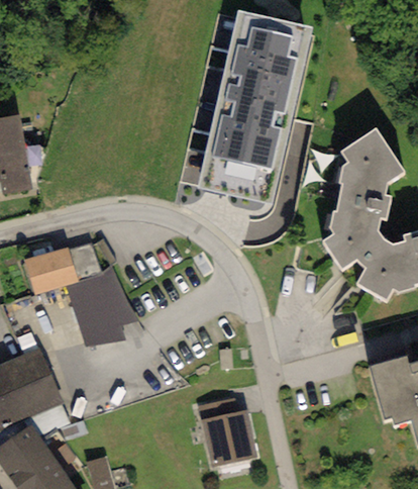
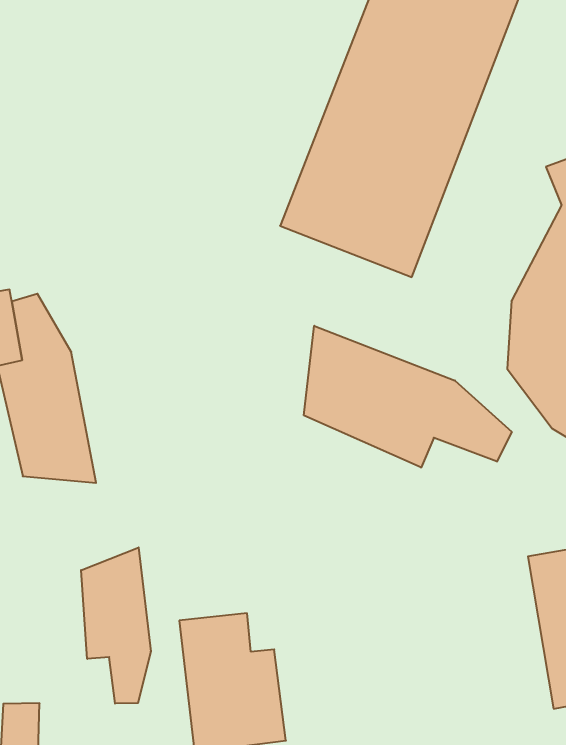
building: none -> [304,326,512,468]
building: none -> [81,547,151,704]

